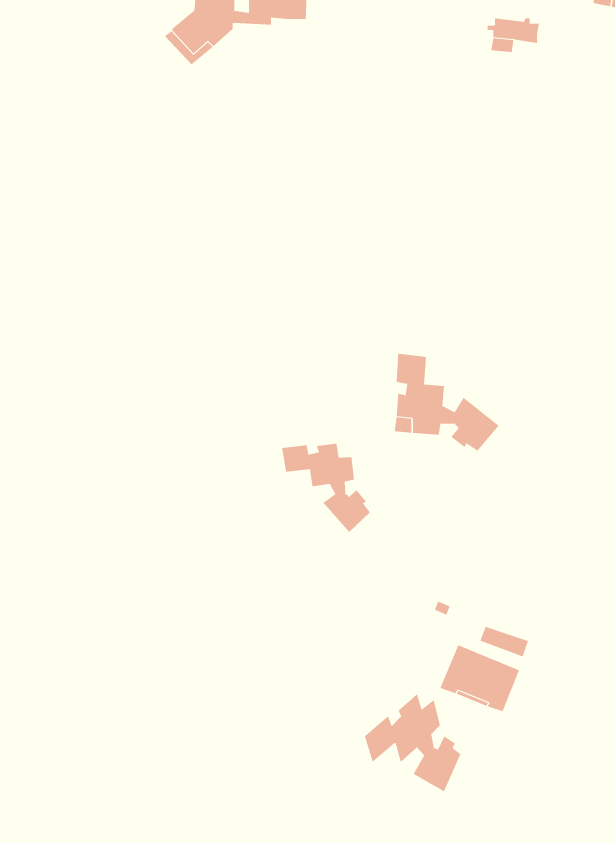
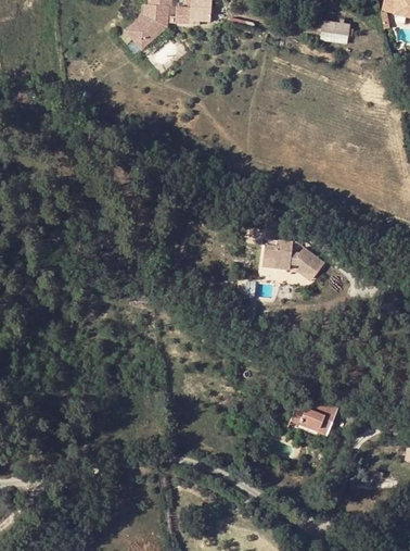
building: [281,443,371,533] -> none
building: [364,693,461,792] -> none

